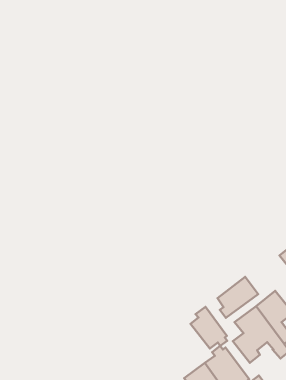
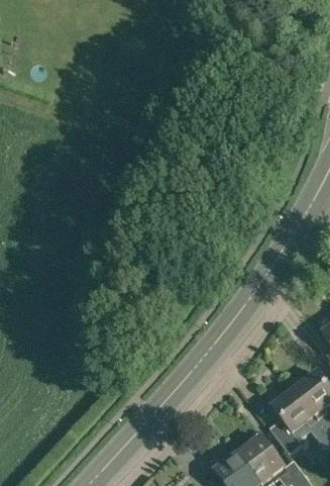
building: [218,277,258,318] -> none
building: [190,307,227,349] -> none

